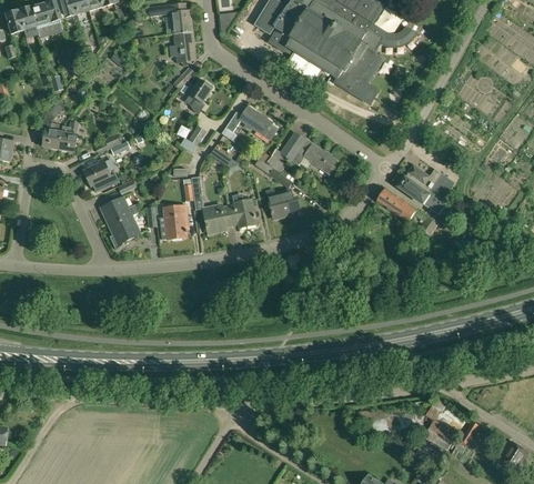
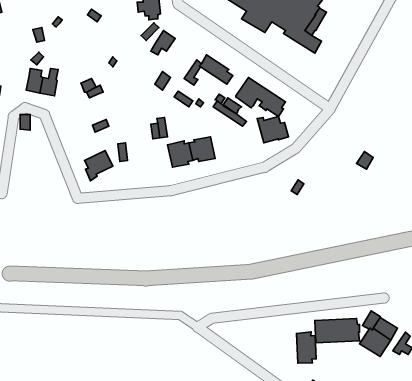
building: [82,158,119,191] -> none
building: [397,164,454,213] -> none
building: [376,188,415,221] -> none
building: [265,189,301,219] -> [257,116,288,143]
building: [100,196,140,225] -> none
building: [159,204,187,239] -> none
building: none -> [296,332,316,363]

